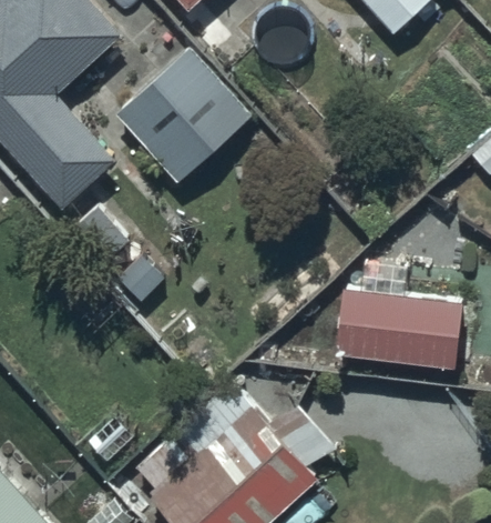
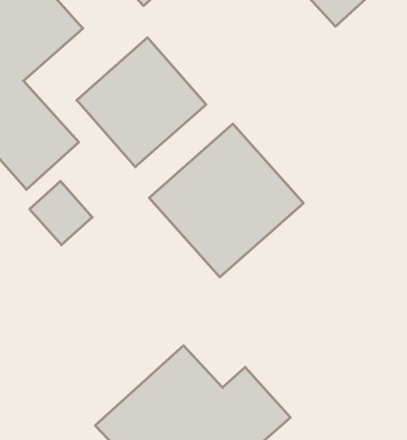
building: none -> [149,124,303,277]
building: [335,286,462,369] -> none

